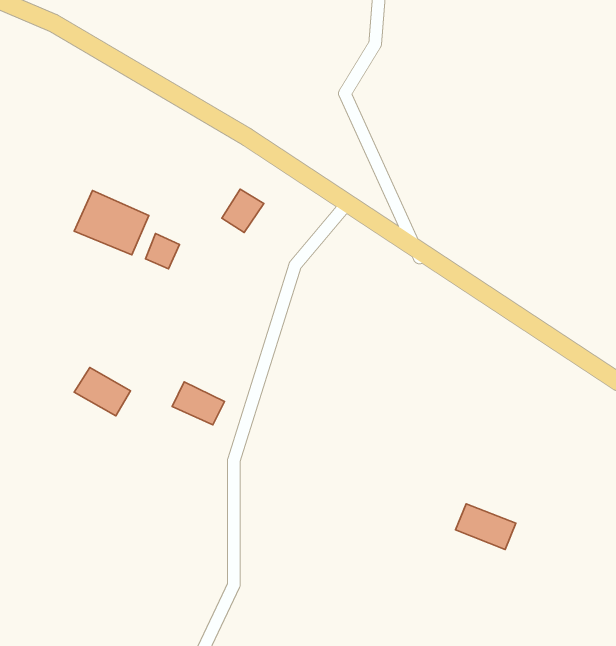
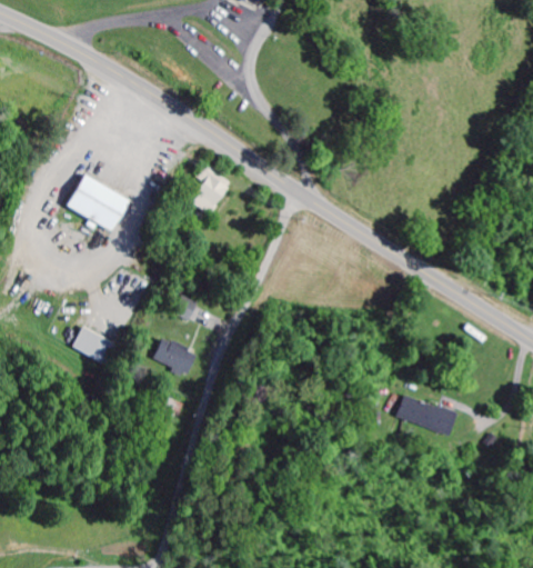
building: [146,233,179,269] -> none
building: [456,504,516,550] -> [394,396,445,435]

